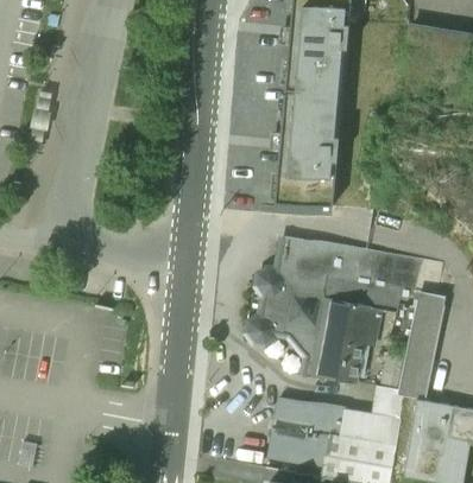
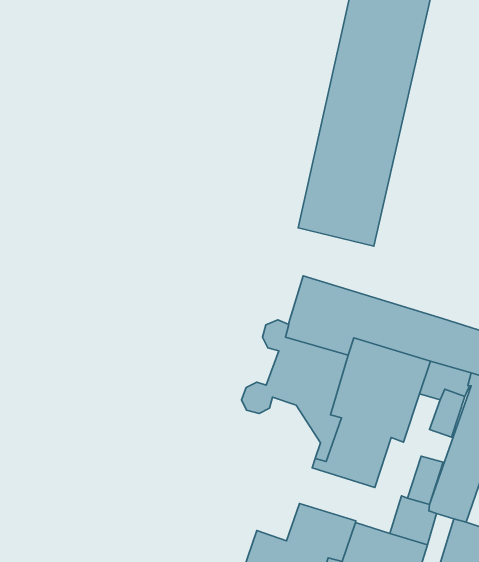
building: [273,396,302,430] -> none

